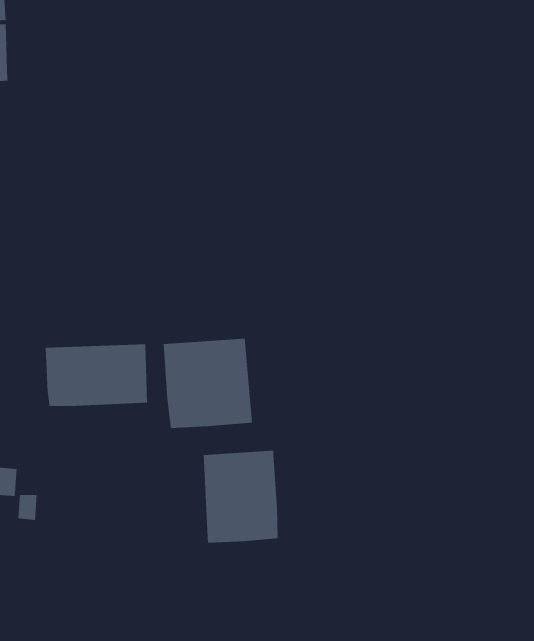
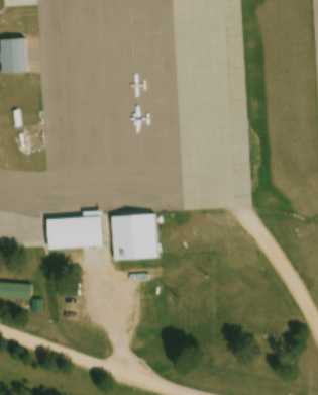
building: [203,450,278,544] -> none

